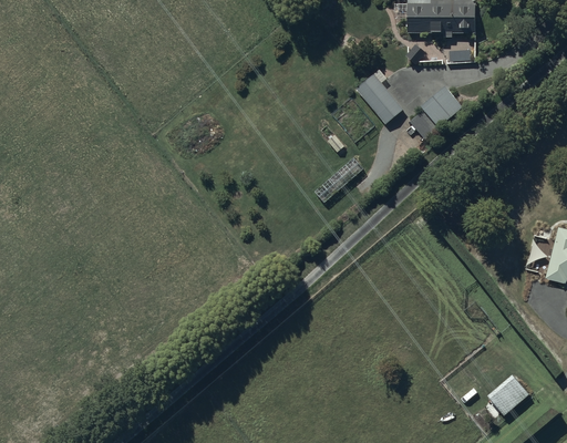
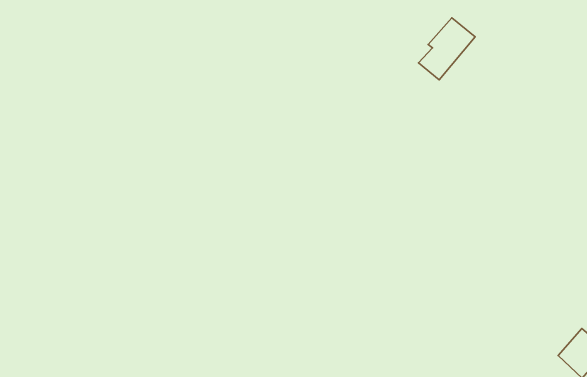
building: [355,73,404,124] -> none

